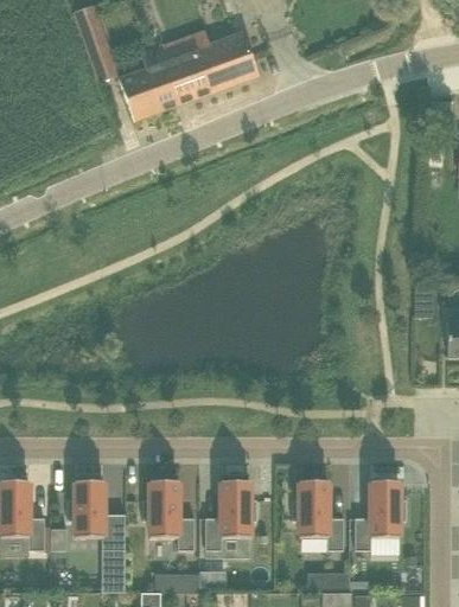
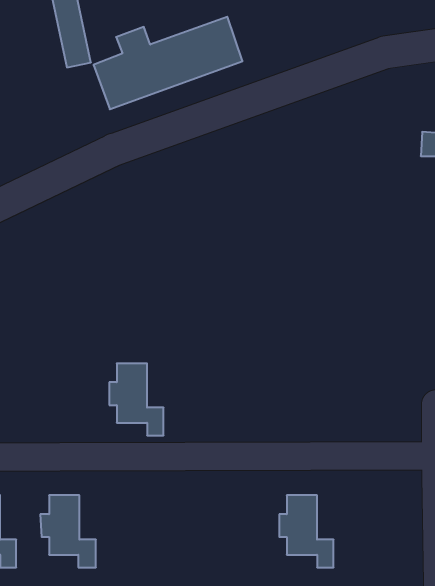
building: [144,481,195,549] -> [109,363,164,435]
building: [206,481,257,549] -> none
building: [355,481,407,549] -> none

